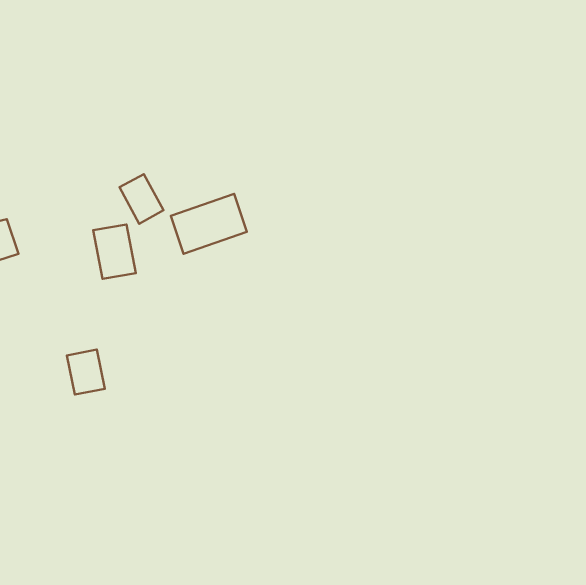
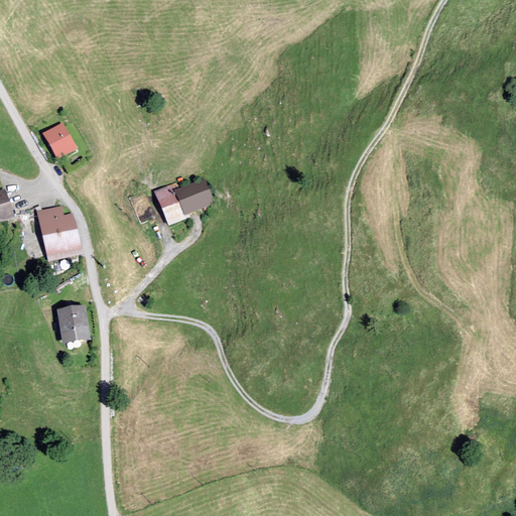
building: [120,174,163,224] -> [43,120,82,163]
building: [93,225,136,279] -> [32,208,70,255]

